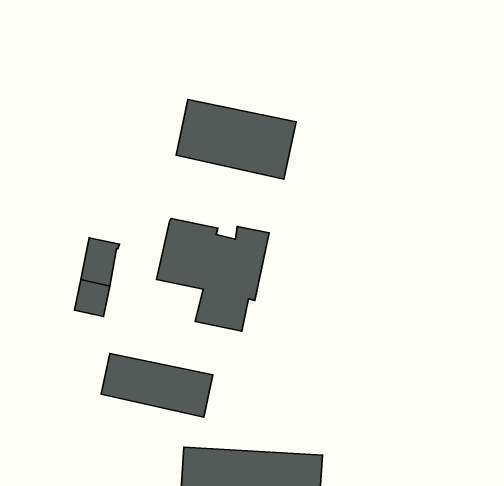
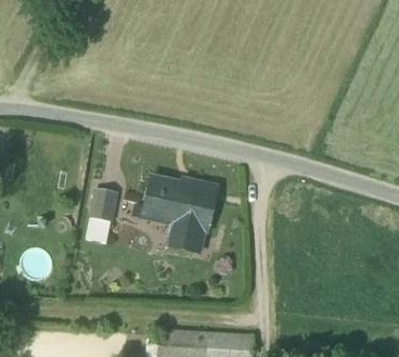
building: [176,100,296,179] -> none
building: [101,353,213,417] -> none

